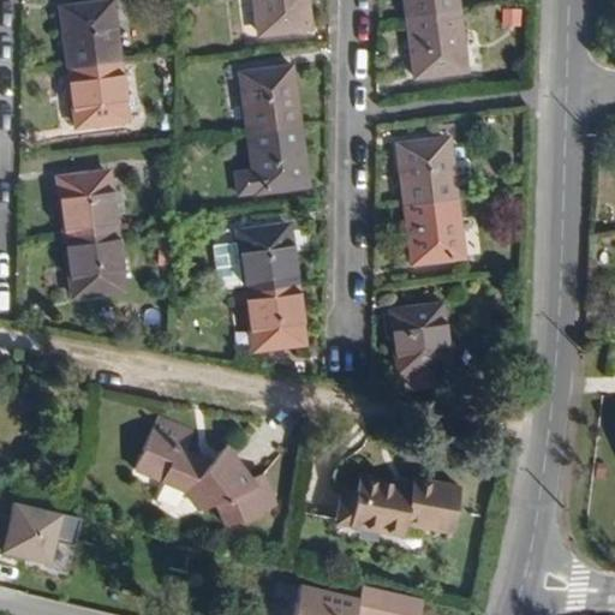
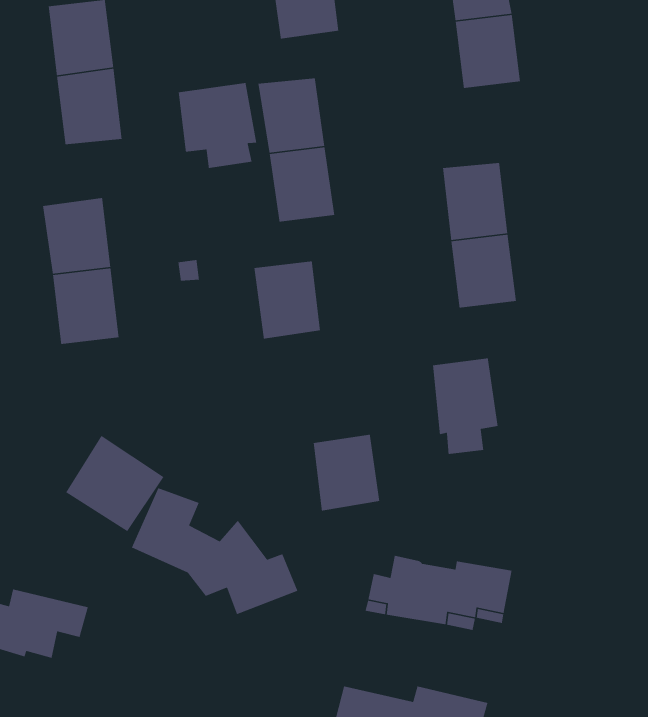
building: none -> [178,82,257,169]
building: [246,283,304,350] -> [313,434,380,511]
building: none -> [65,435,165,532]

